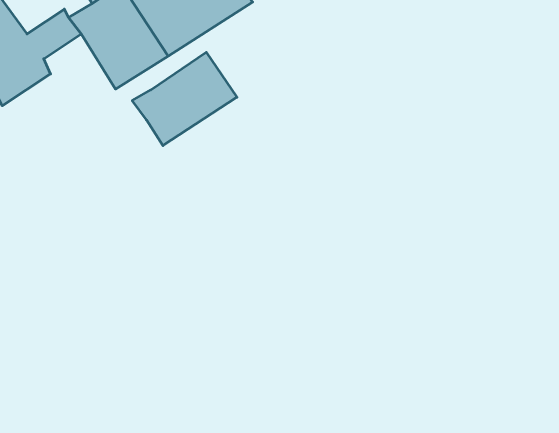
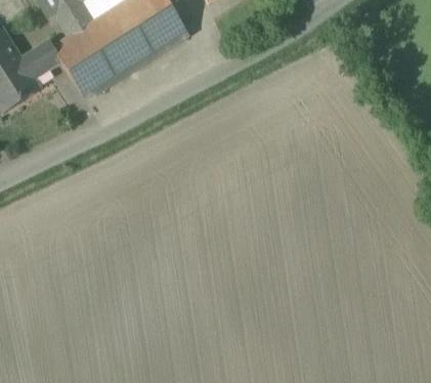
building: [132,52,237,146] -> none

